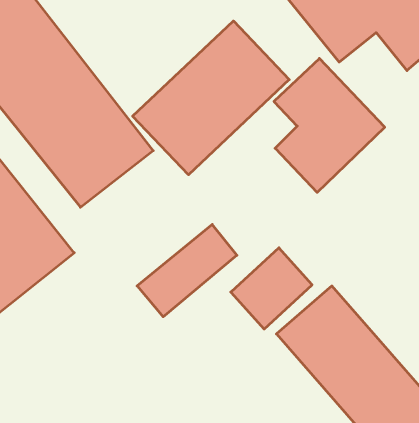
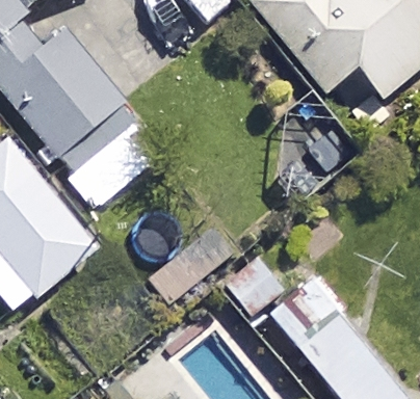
building: [133,21,289,175] -> none

